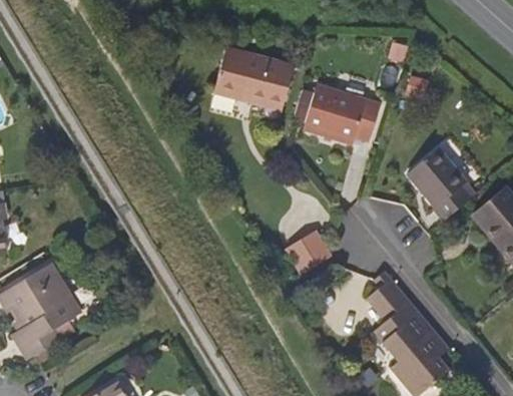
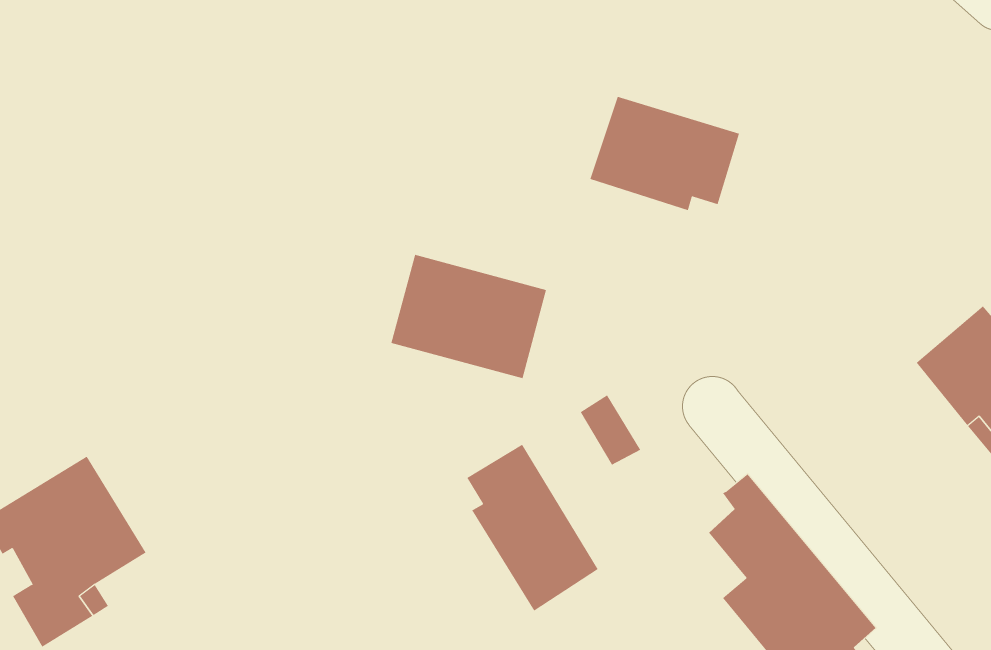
building: [214,49,294,112] -> [391,254,547,379]
building: [407,147,471,222] -> none
building: none -> [466,444,599,611]

